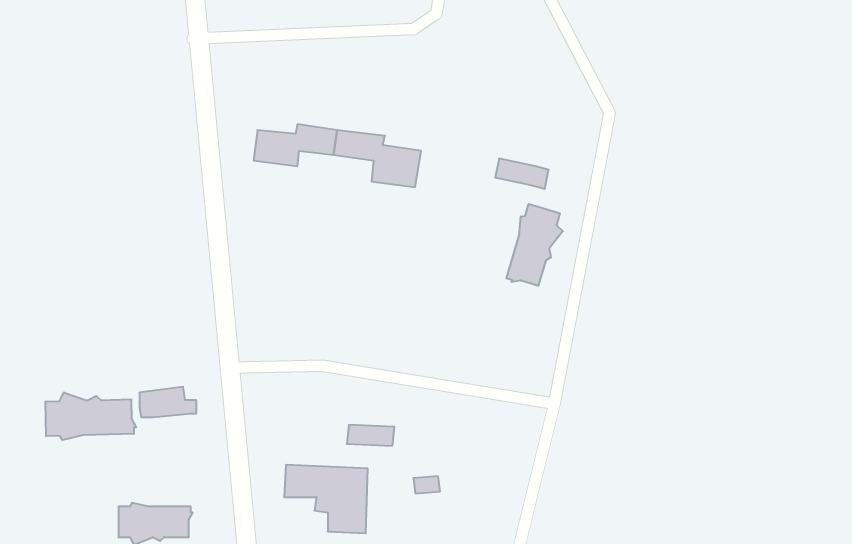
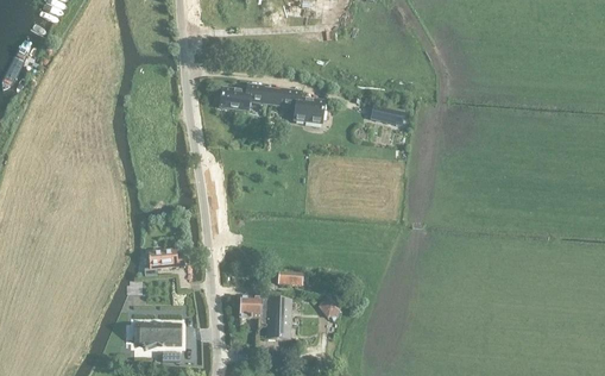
building: [506,204,563,286] -> none
building: [45,392,136,440] -> none

